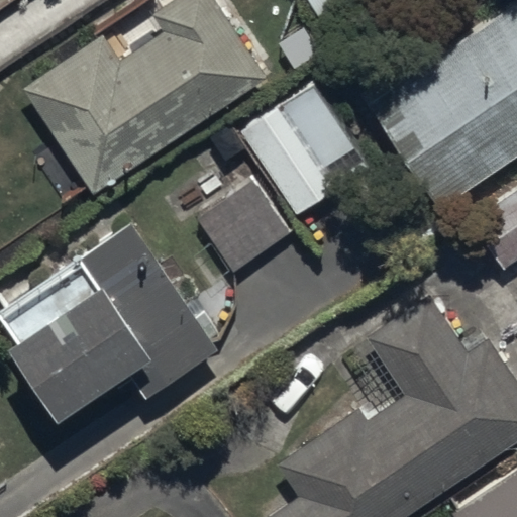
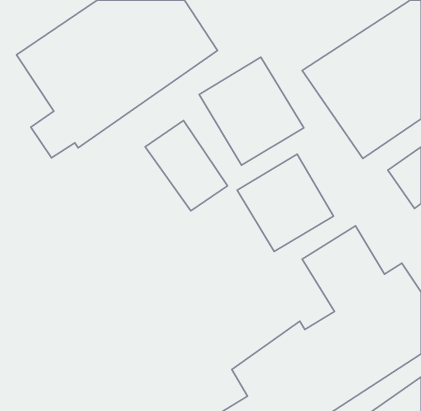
building: none -> [237,154,334,252]
building: [16,221,218,403] -> none

